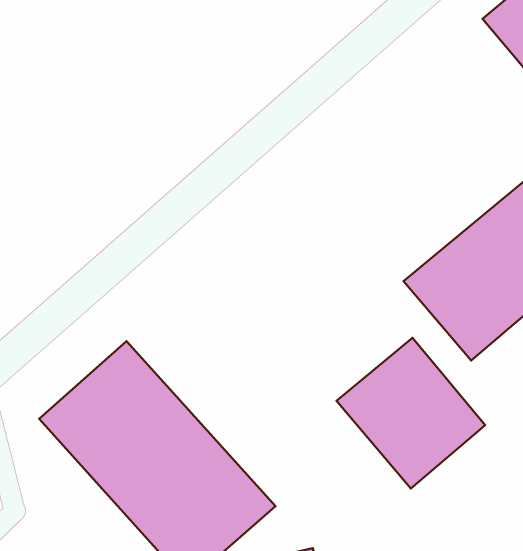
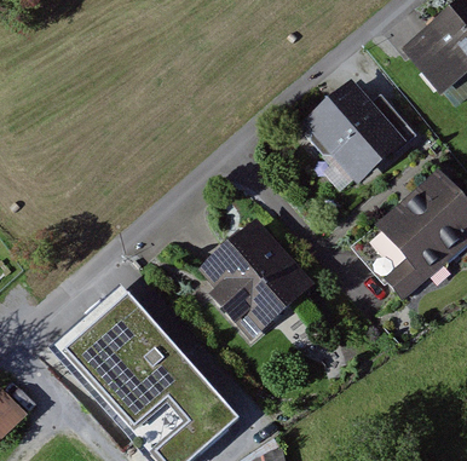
building: none -> [301,85,402,186]
building: [336,338,485,488] -> [196,225,307,338]

